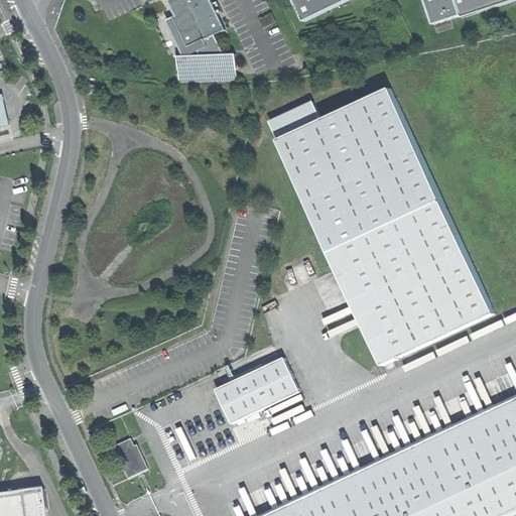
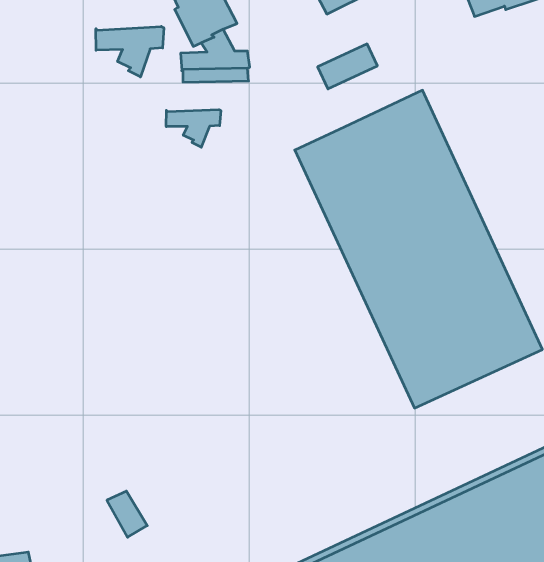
building: none -> [96,26,164,77]
building: [267,101,319,140] -> [318,44,377,89]
building: none -> [166,110,221,147]
building: [214,357,298,423] -> none

